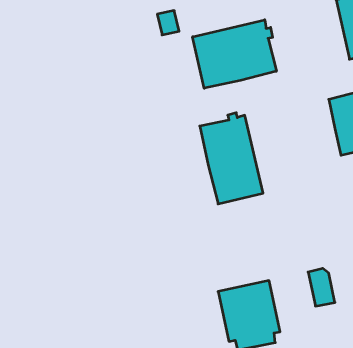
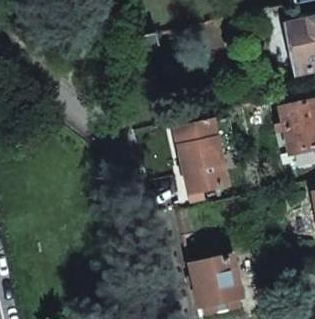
building: [193,20,276,88] -> none

